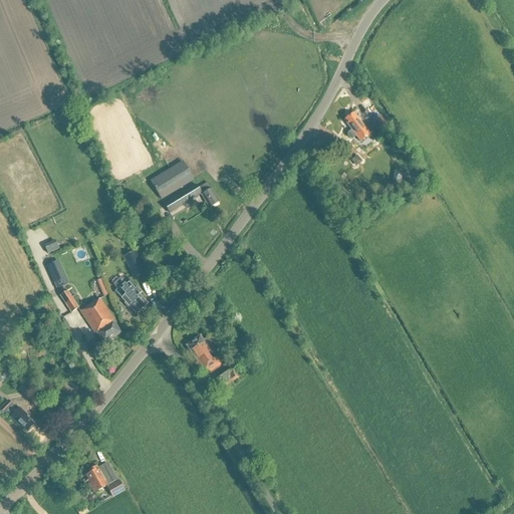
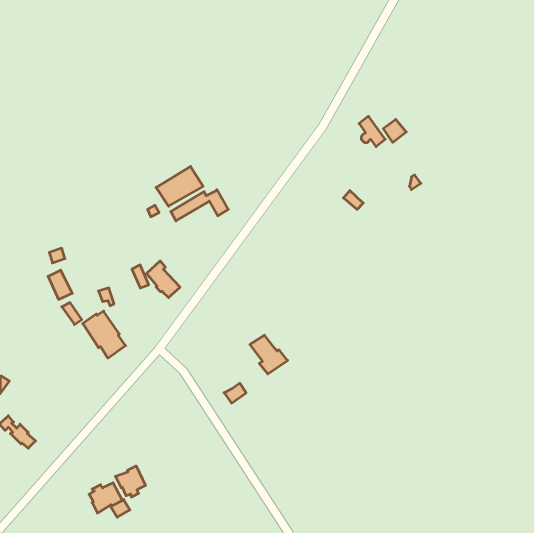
building: [116,278,149,313] -> [147,261,180,298]
building: [187,335,223,372] -> [250,335,288,374]
building: none -> [115,466,145,497]

